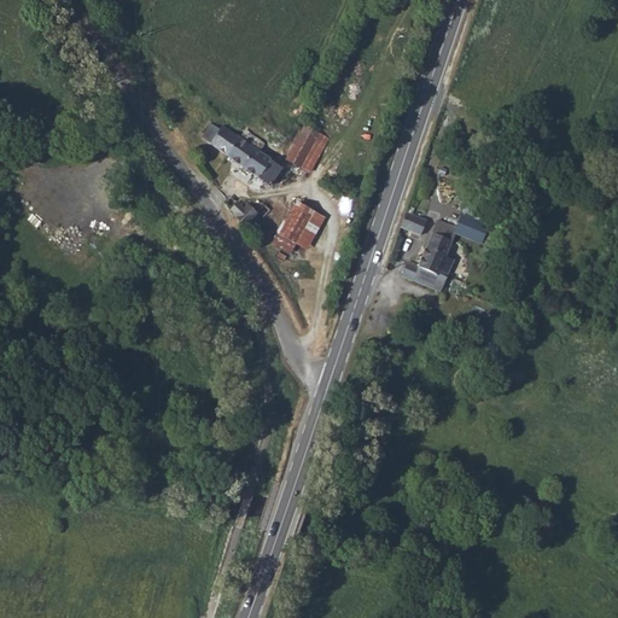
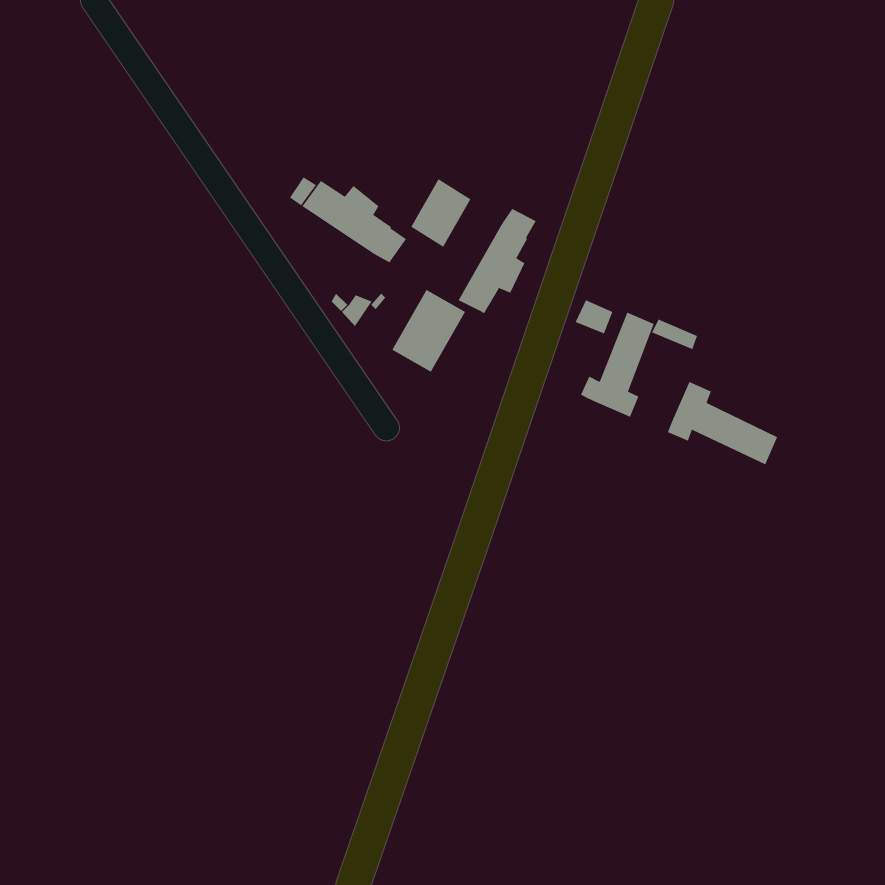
building: none -> [458,208,536,314]
building: none -> [667,381,778,465]

